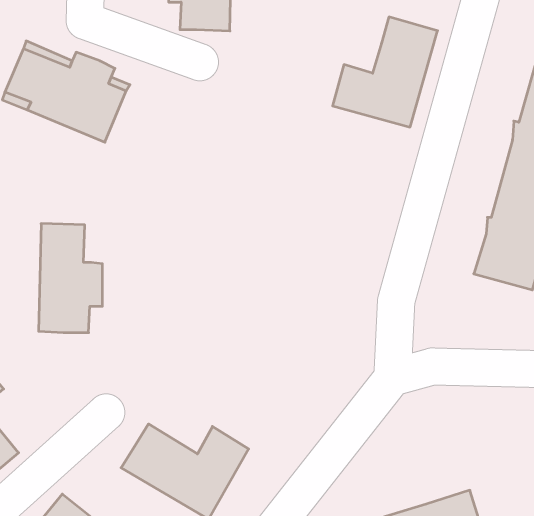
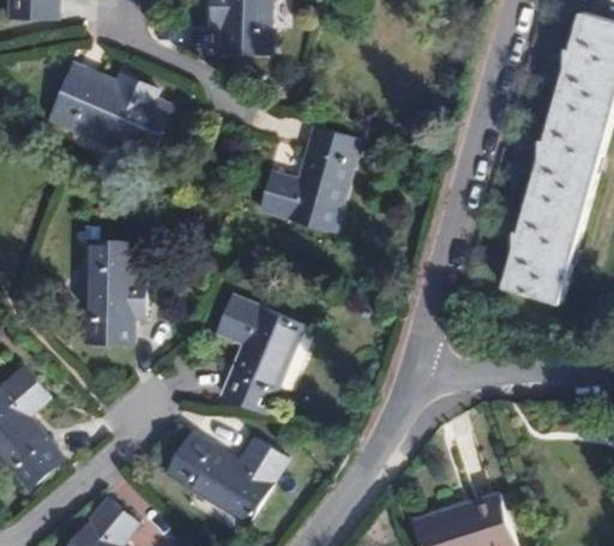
building: [333,17,438,127] -> [260,125,361,230]
building: none -> [217,294,303,413]

